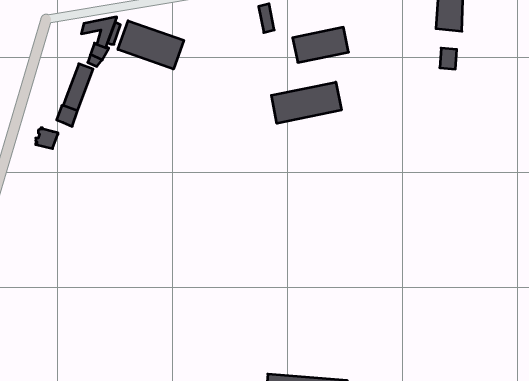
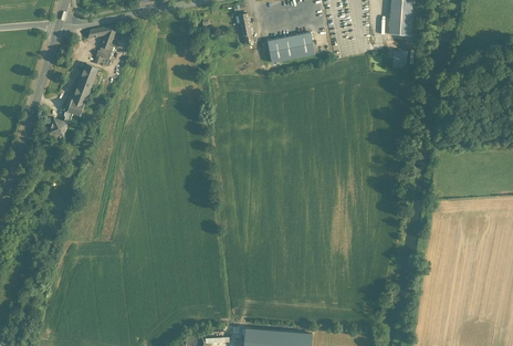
building: [118,21,184,69] -> none
building: [271,82,341,123] -> none

